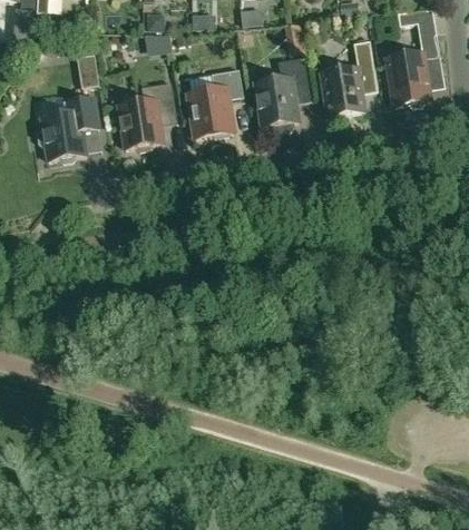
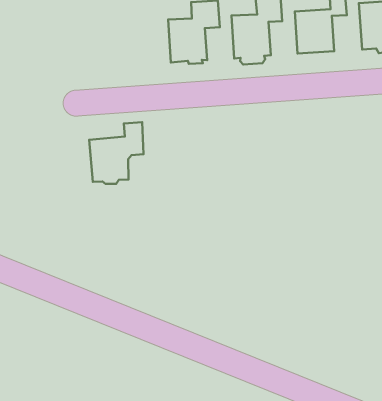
building: [117,80,175,148] -> [89,122,143,184]
building: [36,95,97,160] -> none

